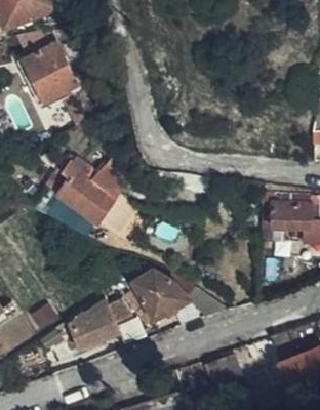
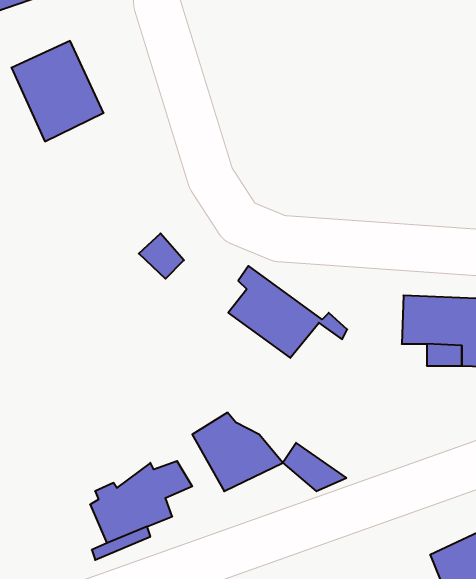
building: [56,165,129,221] -> [228,266,347,358]

